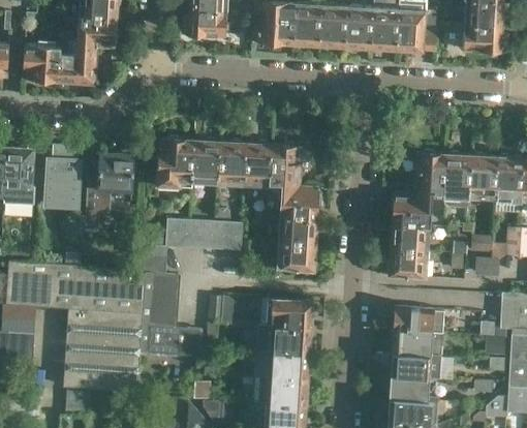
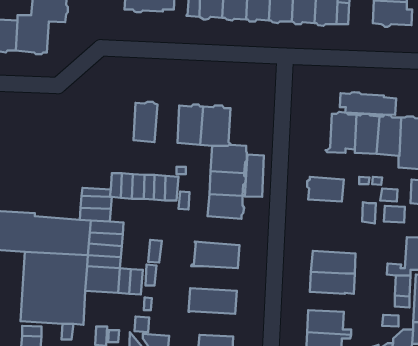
building: none -> [340,92,396,115]
building: [156,136,194,187] -> none
building: [216,140,244,185] -> none
building: [46,146,80,207] -> none
building: [85,152,133,232] -> none
building: [391,192,432,226] -> none
building: none -> [245,154,264,197]
building: [386,249,428,277] -> none
building: [256,325,310,353] -> none
building: [390,354,431,376] -> none
building: [254,375,307,404] -> none

